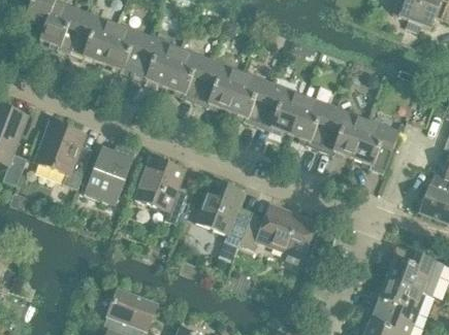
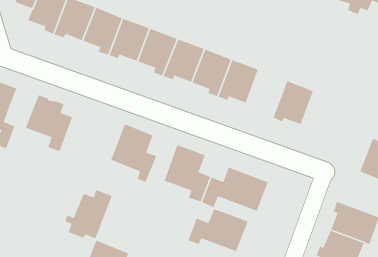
building: [290,94,336,149] -> none
building: [353,119,399,174] -> none
building: [79,144,135,202] -> [64,189,113,240]
building: none -> [187,208,249,252]

